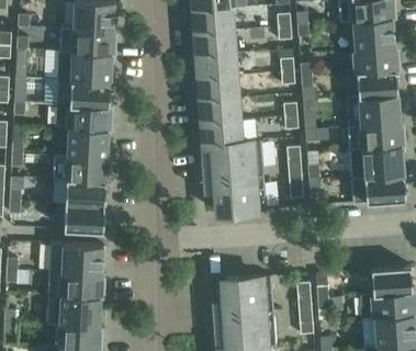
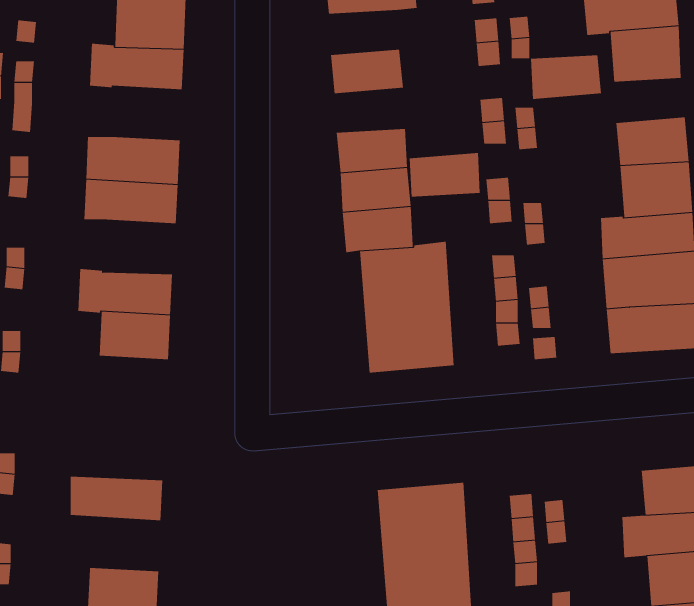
building: [193,10,234,35] -> none
building: [355,48,395,73] -> [530,55,602,99]
building: [57,53,111,83] -> none
building: [196,54,237,79] -> [409,152,481,197]
building: [66,128,108,159] -> none
building: [63,205,103,233] -> none
building: [47,244,102,275] -> none
building: [45,295,102,327] -> none

